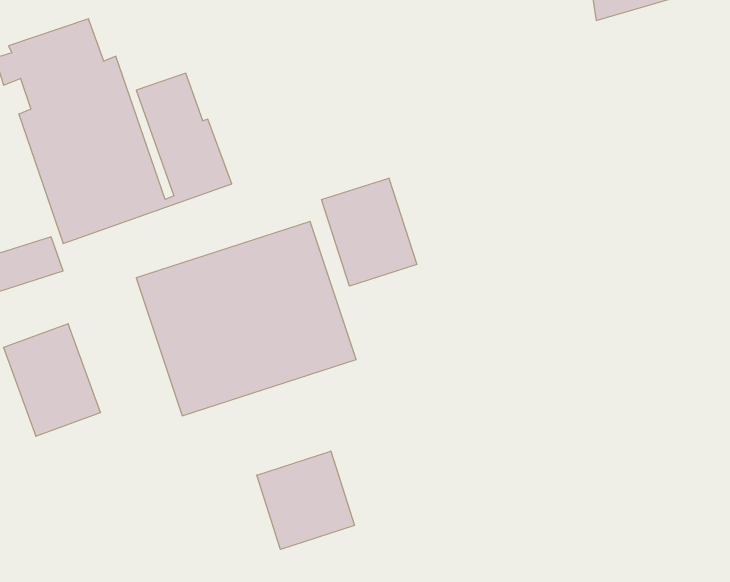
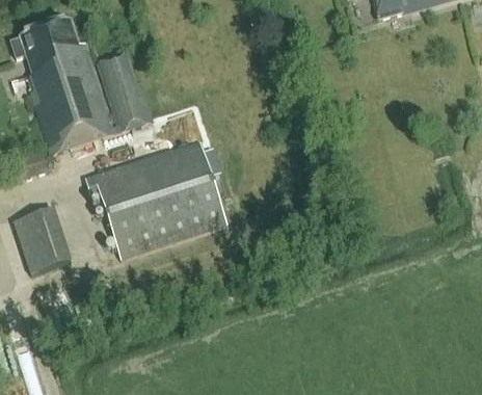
building: [322,178,417,286] -> none
building: [257,451,355,549] -> none

